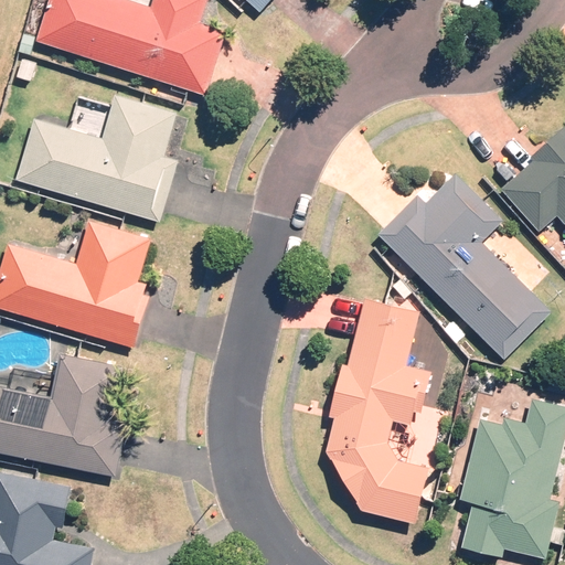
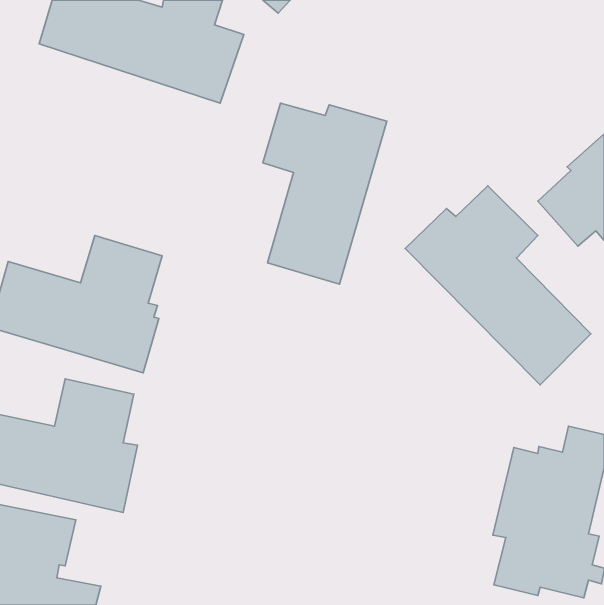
building: [15,95,177,222] -> none
building: none -> [263,103,387,284]
building: [326,298,429,522] -> none

